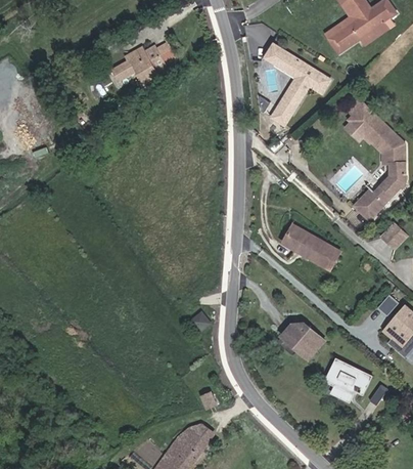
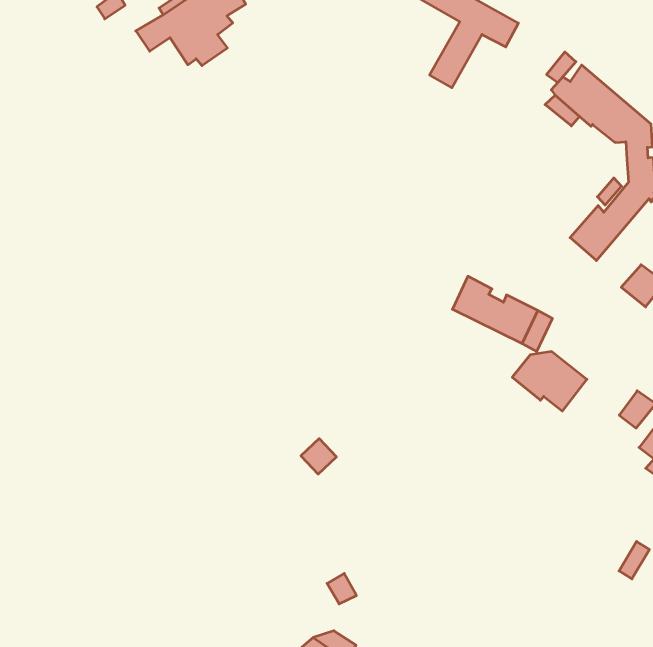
building: [280,324,323,358] -> [512,352,587,411]
building: [324,358,371,400] -> none

